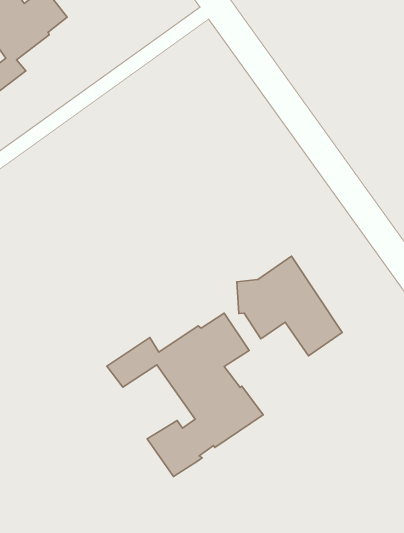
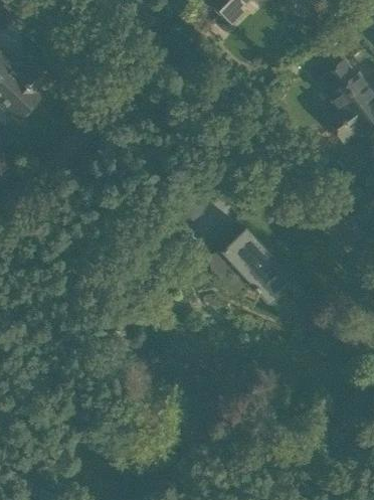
building: [107,313,263,477] -> none

